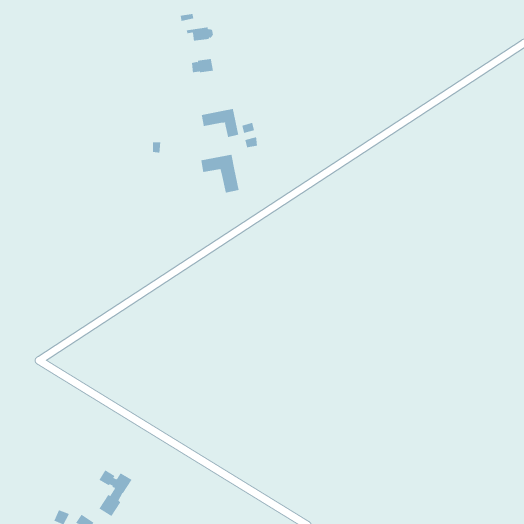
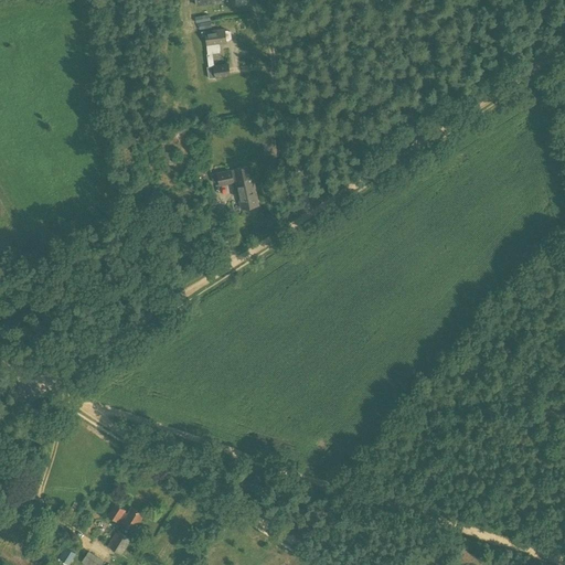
building: [201,108,239,138] -> none

